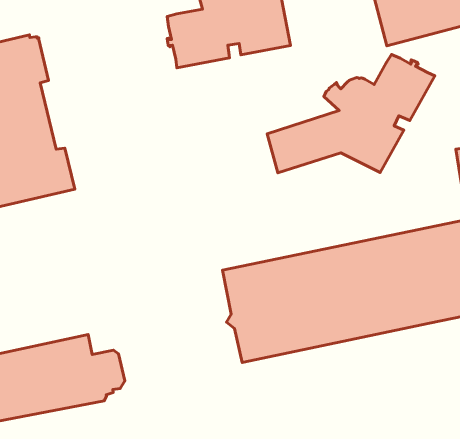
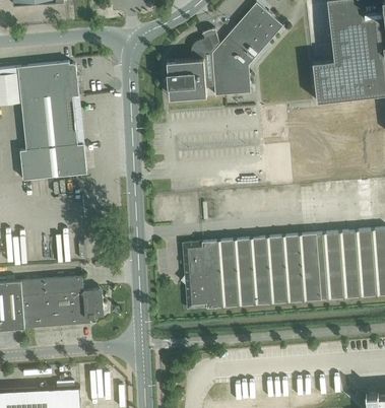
building: [267,55,435,173] -> none

